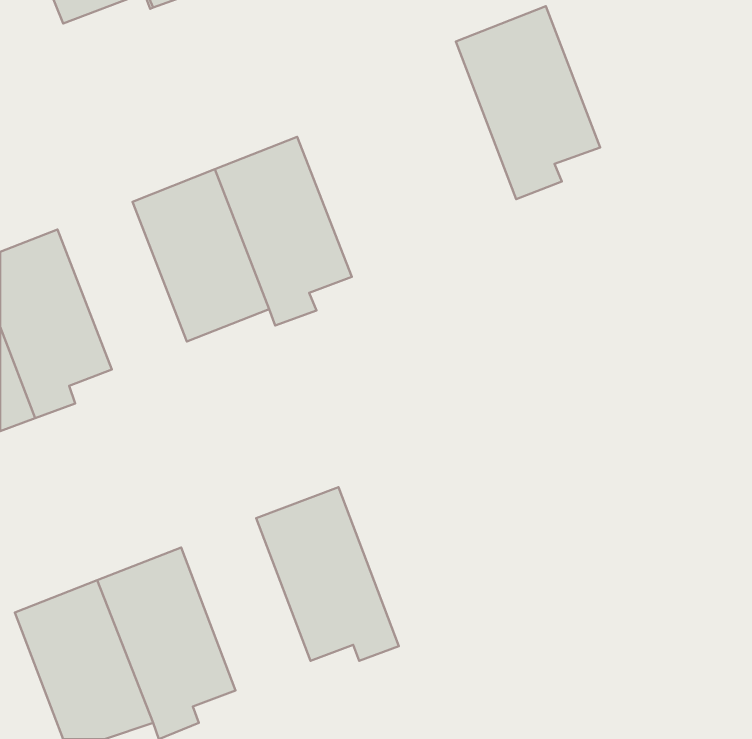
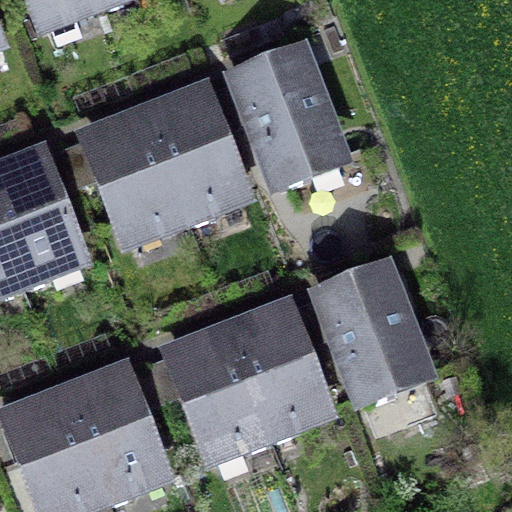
building: [456,6,600,199] -> [239,55,337,186]
building: none -> [323,271,421,402]
building: none -> [230,309,323,439]

